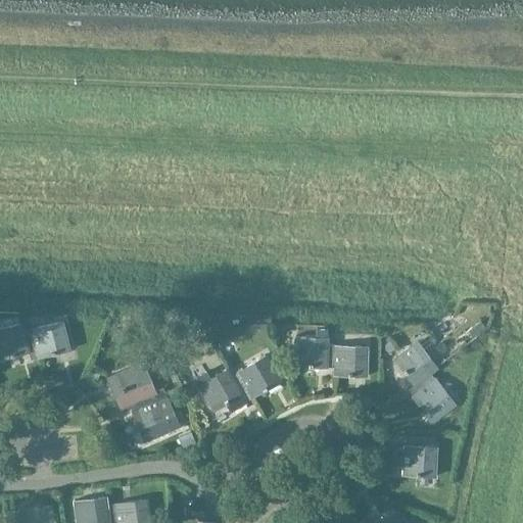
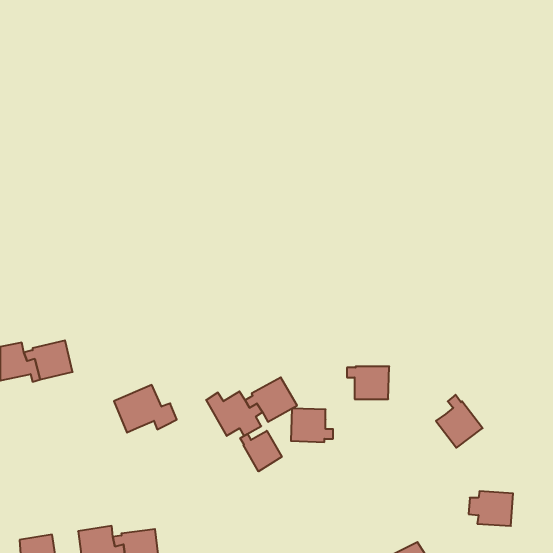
building: [295,337,335,369] -> [291,408,333,442]
building: [394,342,438,391] -> none
building: [130,396,180,441] -> none
building: none -> [240,431,282,471]
building: [395,445,437,478] -> [469,491,513,526]

